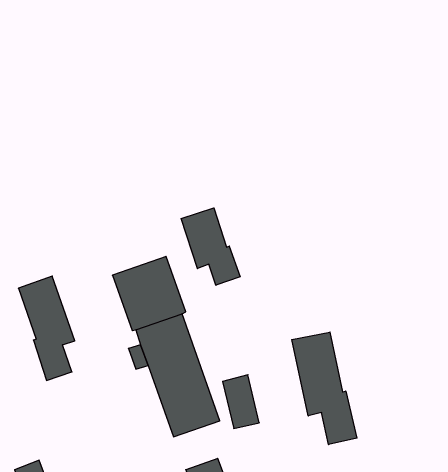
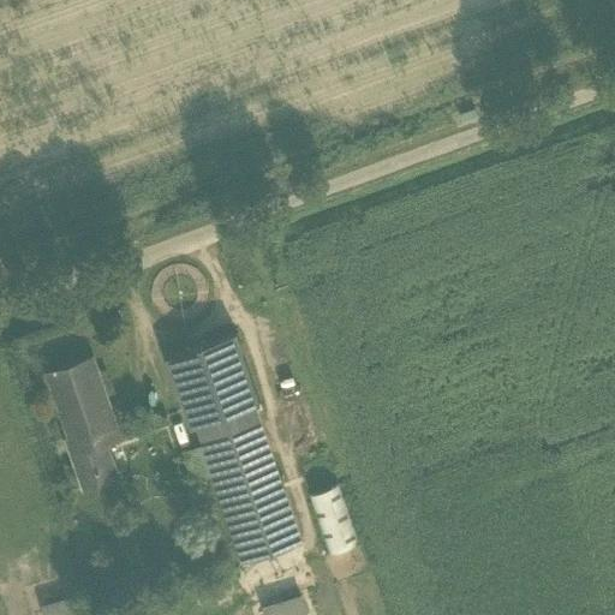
building: [181,208,240,285] -> none
building: [292,332,357,445] -> none

